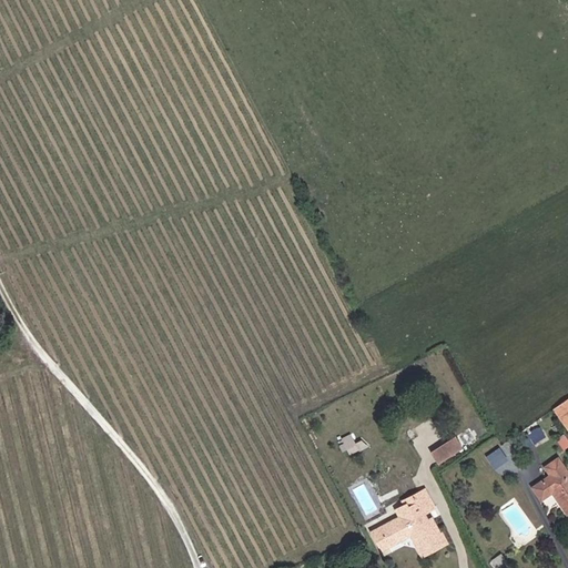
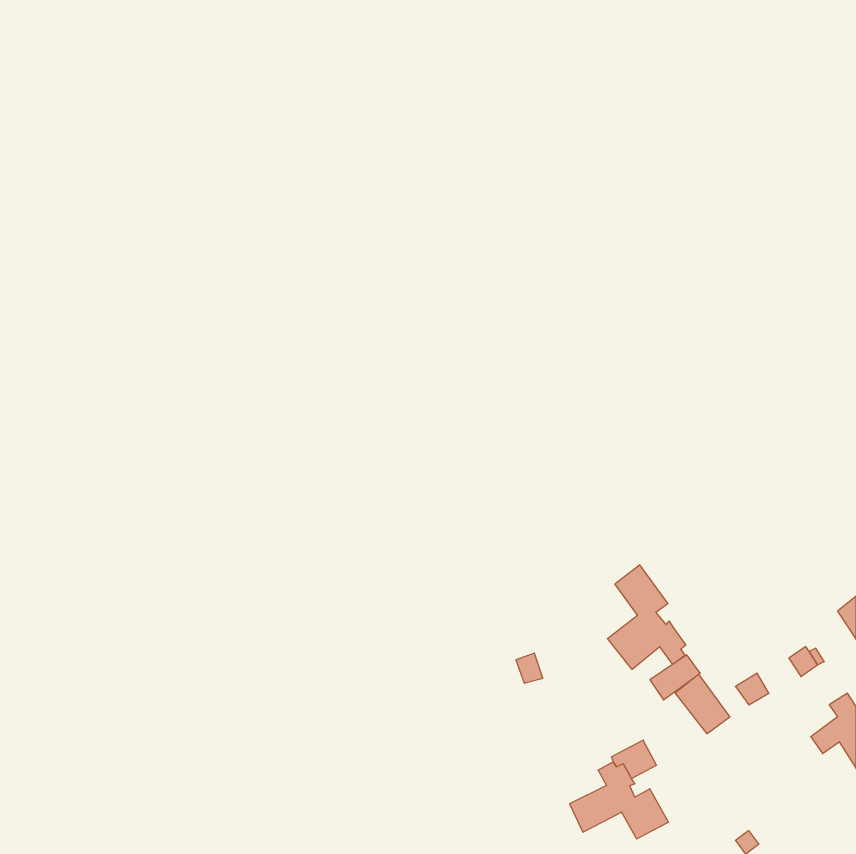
building: none -> [608,565,686,669]
building: none -> [675,674,730,734]

